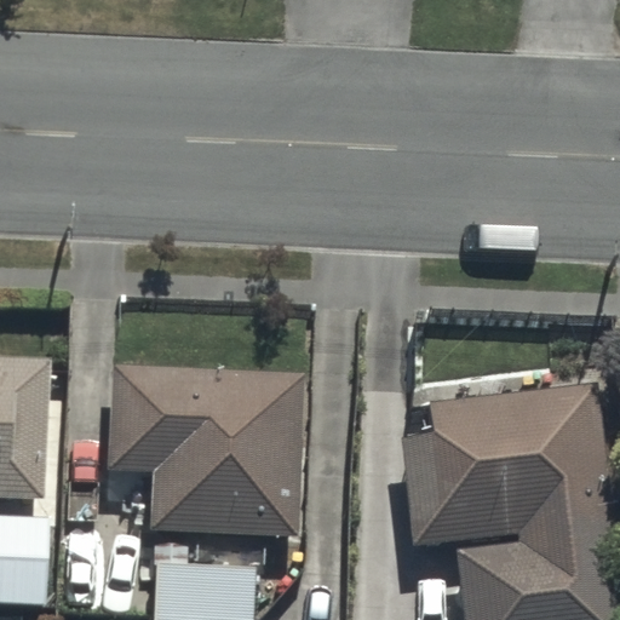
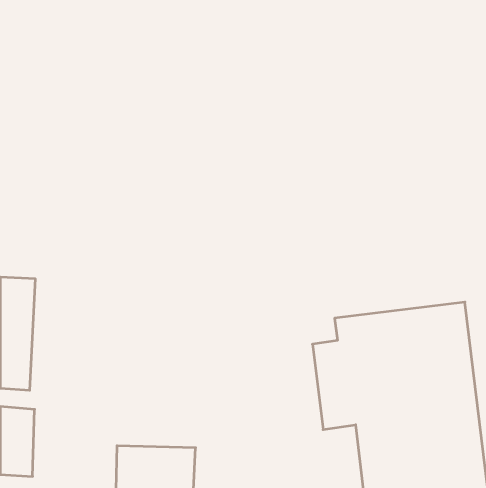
building: [108,366,302,534] -> none

